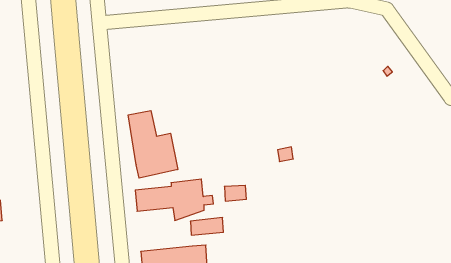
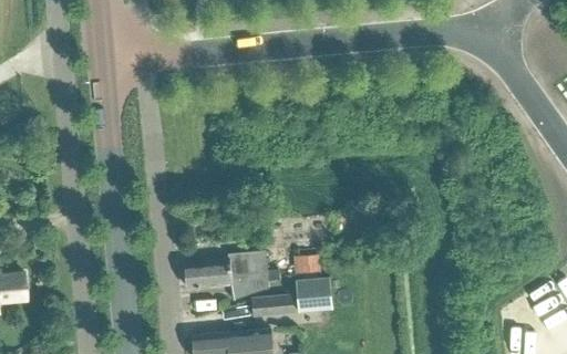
building: [128,111,178,178] -> none
building: none -> [292,281,329,315]

